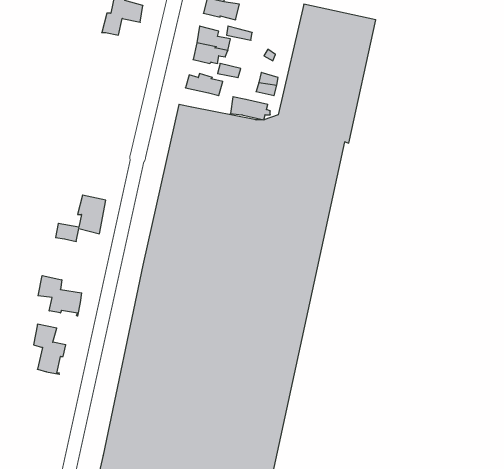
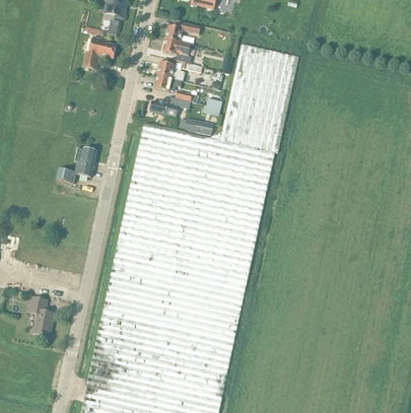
building: [56,195,106,241] -> [57,147,96,184]
building: [38,276,82,316] -> none

